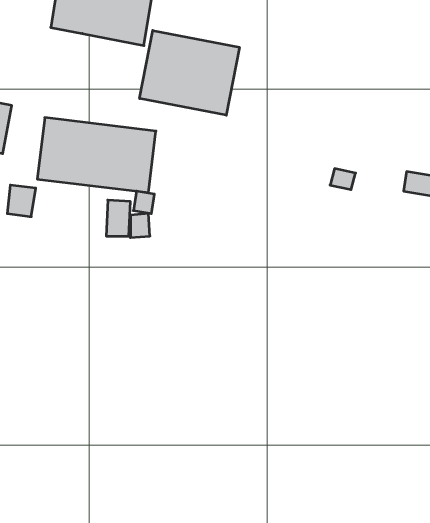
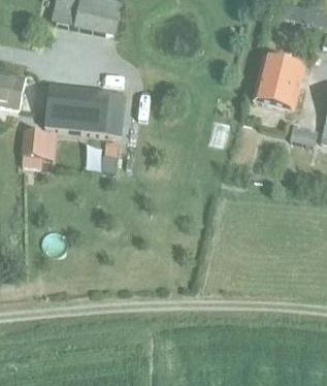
building: [140,30,239,115] -> none
building: none -> [253,57,298,109]

